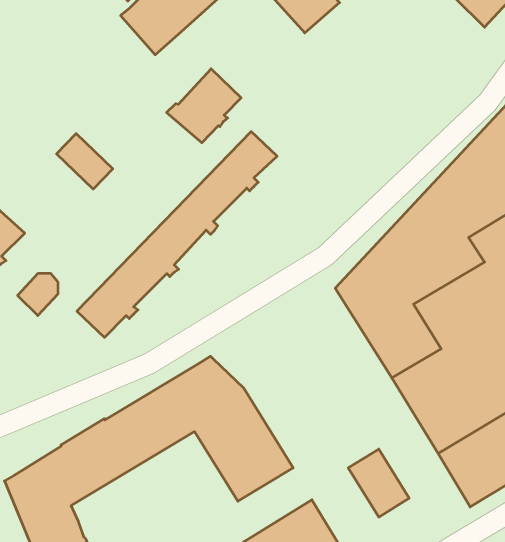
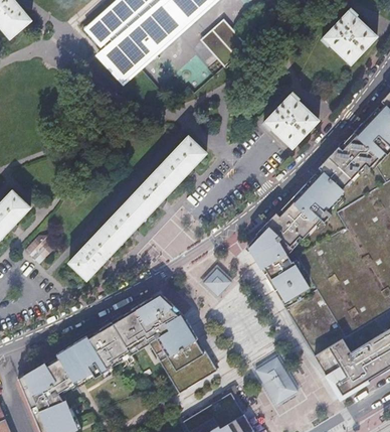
building: none -> [262,93,319,147]
building: [167,69,241,143] -> none
building: [57,134,113,189] -> none
building: none -> [203,269,230,297]

